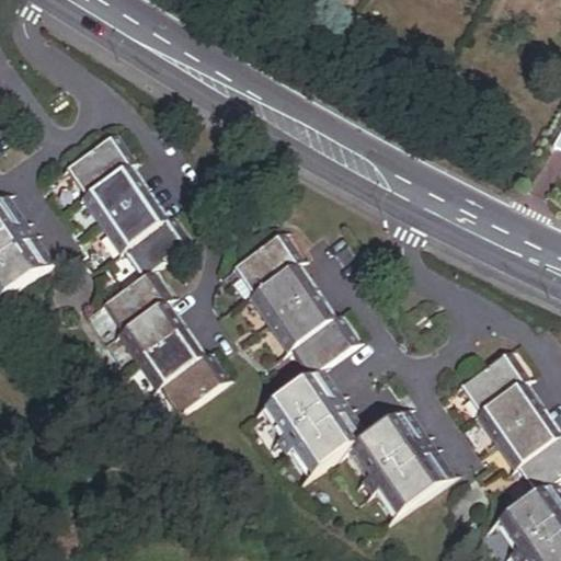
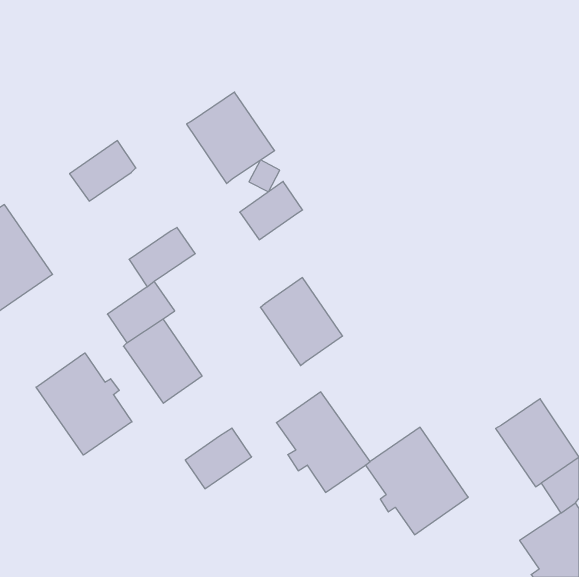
building: [80,165,164,253] -> [187,92,275,184]
building: [236,236,296,291] -> [240,181,303,240]
building: [294,319,353,374] -> none
building: none -> [36,353,132,455]
building: [462,352,524,408] -> none
building: [161,353,225,411] -> [185,428,252,489]

